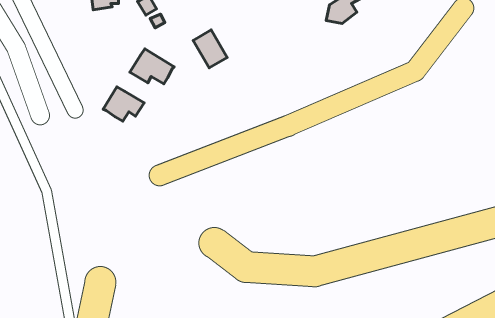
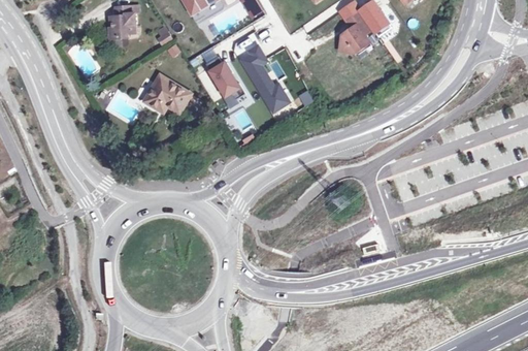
building: none -> [241,47,288,110]
building: [103,87,144,121] -> none

